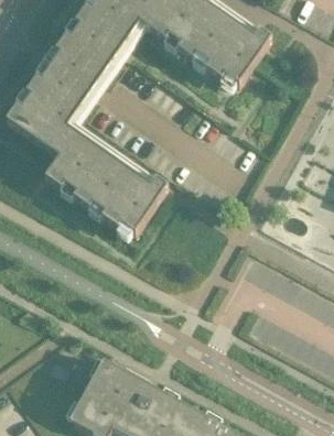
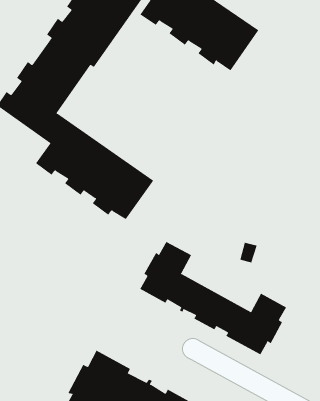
building: none -> [140,241,287,355]

